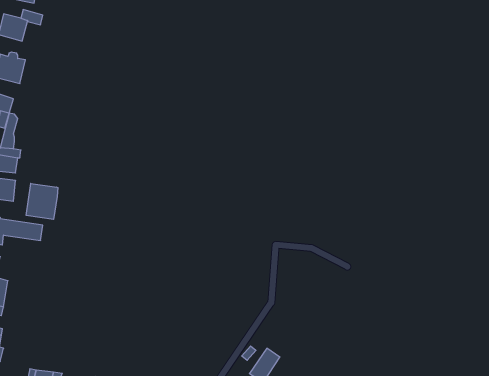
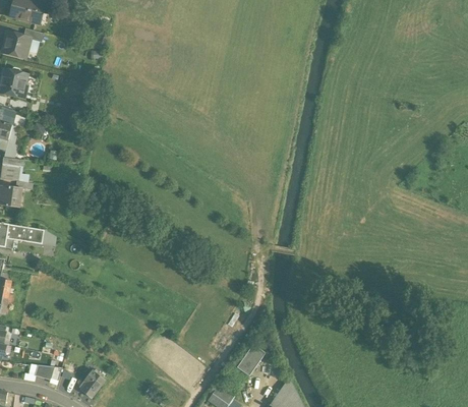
building: [26,183,58,219] -> none

